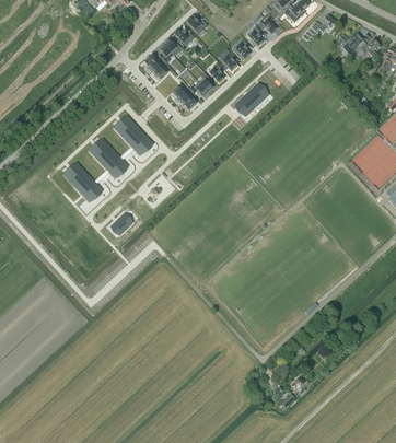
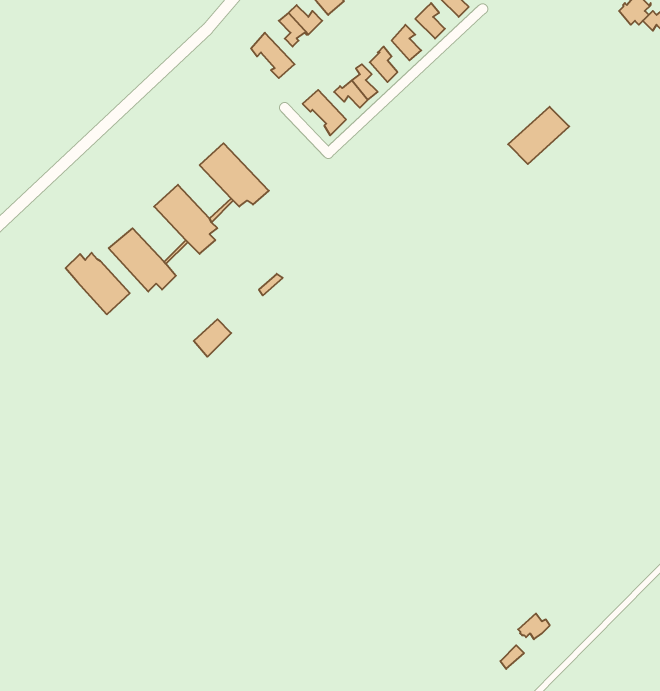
building: [233,83,267,115] -> [508,107,569,164]
building: none -> [66,253,130,314]

